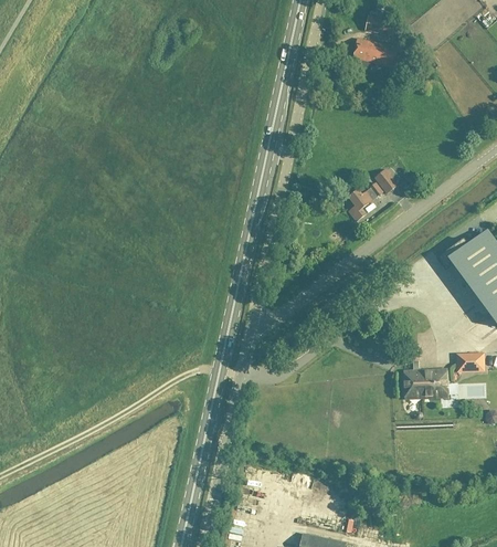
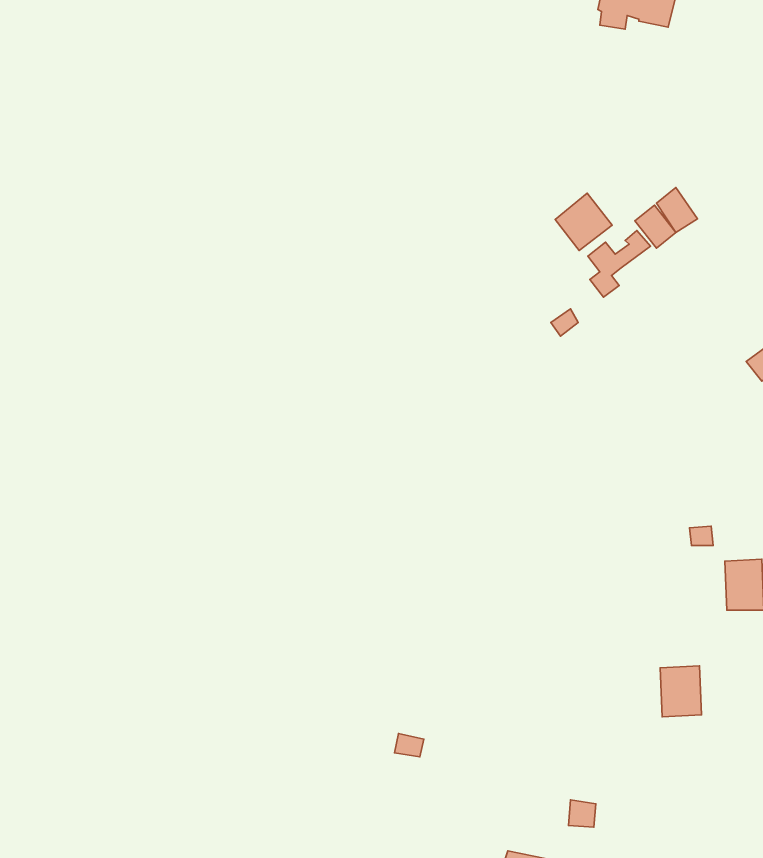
building: none -> [555,193,612,250]
building: [403,369,426,398] -> [660,666,701,717]

